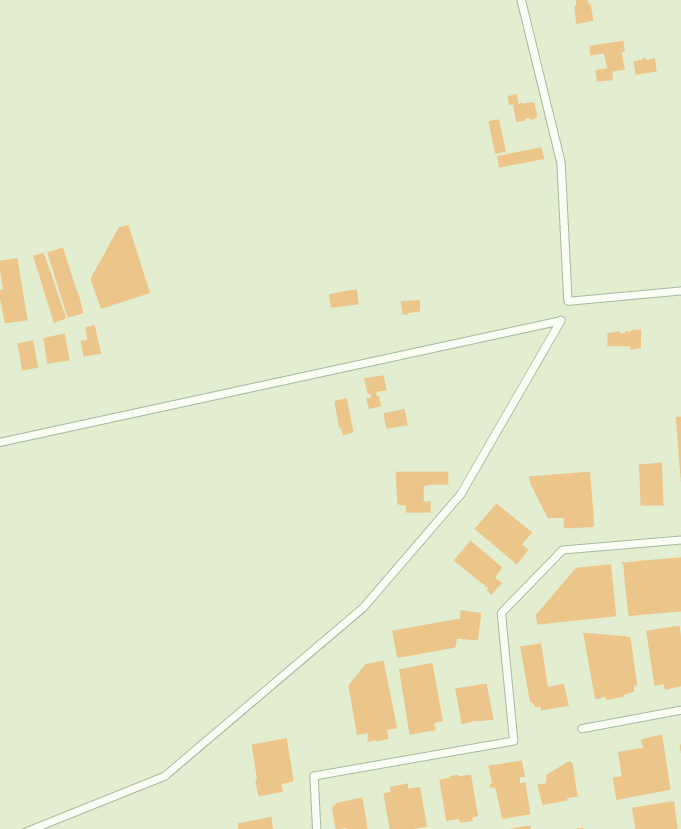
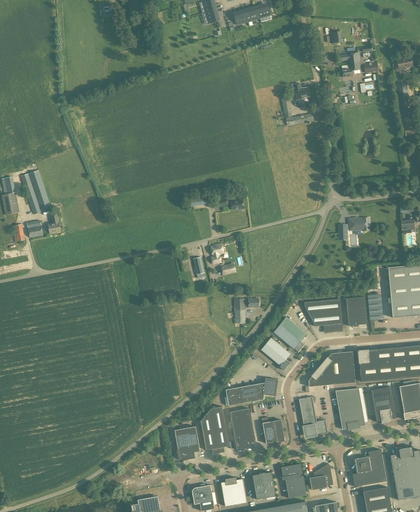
building: [90,224,151,310] -> none
building: none -> [339,296,366,326]
building: [251,737,295,797] -> [174,425,199,459]

